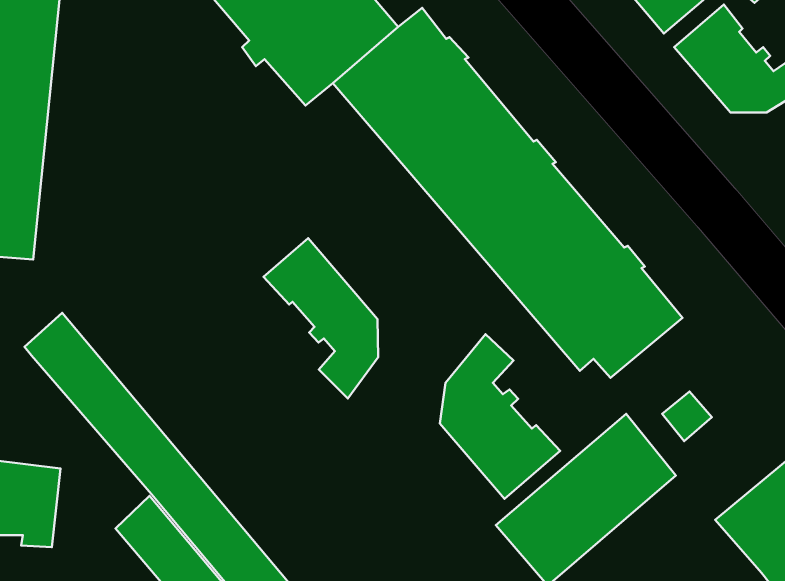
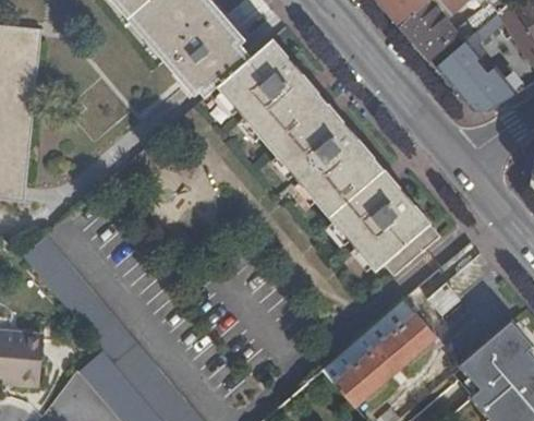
building: [263,238,378,398] -> none
building: [440,334,560,499] -> none

